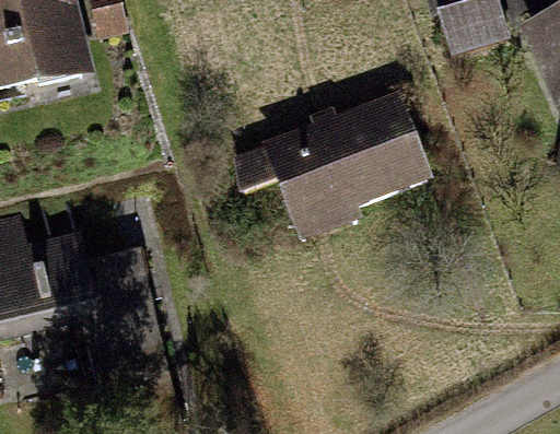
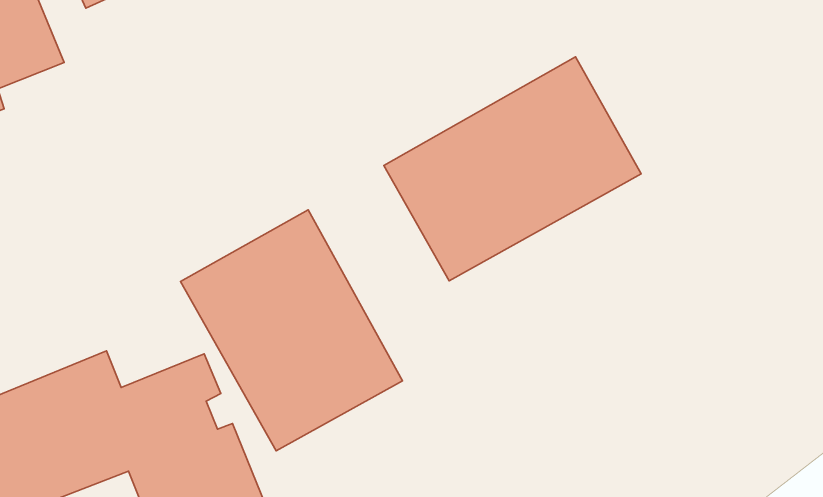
building: none -> [181,210,403,451]

